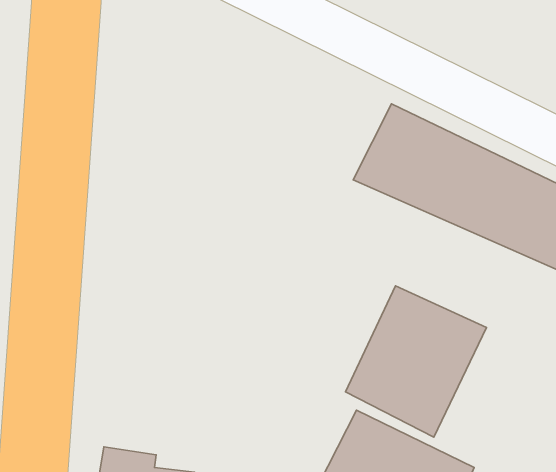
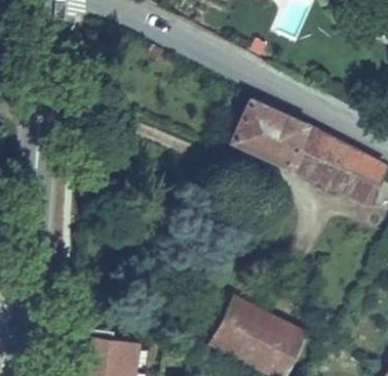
building: [346,286,487,437] -> none

